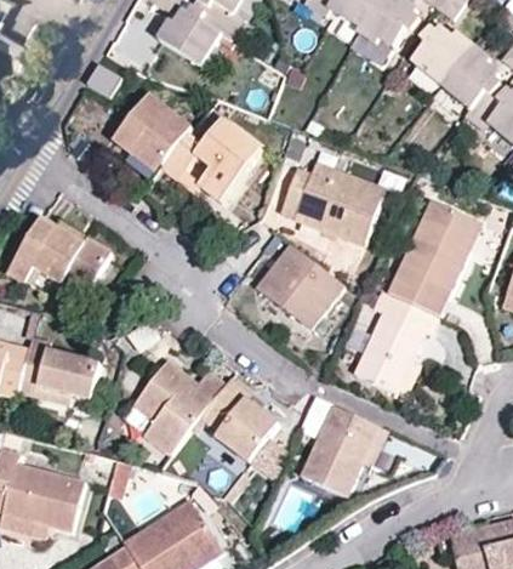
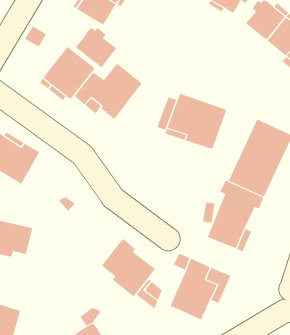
building: none -> [75,27,117,68]
building: [255,241,344,328] -> none
building: [131,358,224,454] -> none

